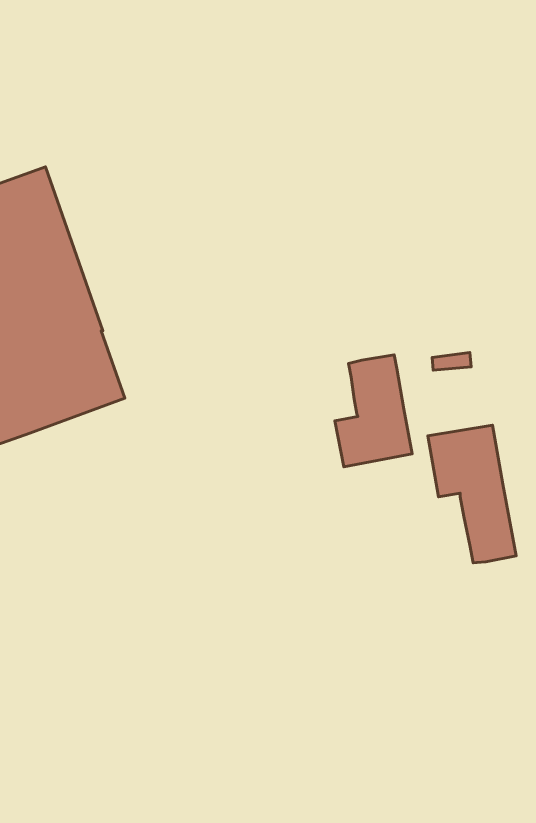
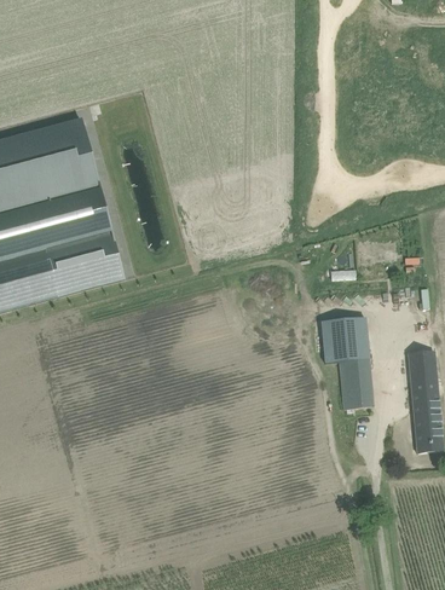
building: [335,355,412,467] -> none

